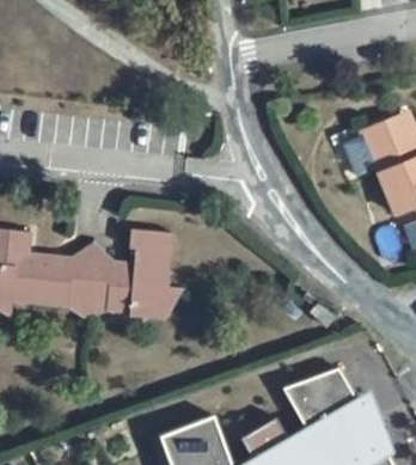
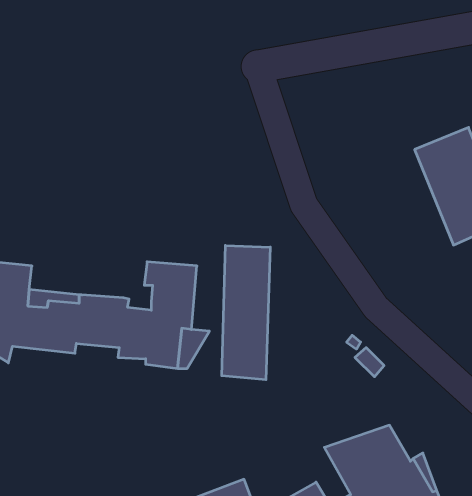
building: none -> [222,245,270,380]

